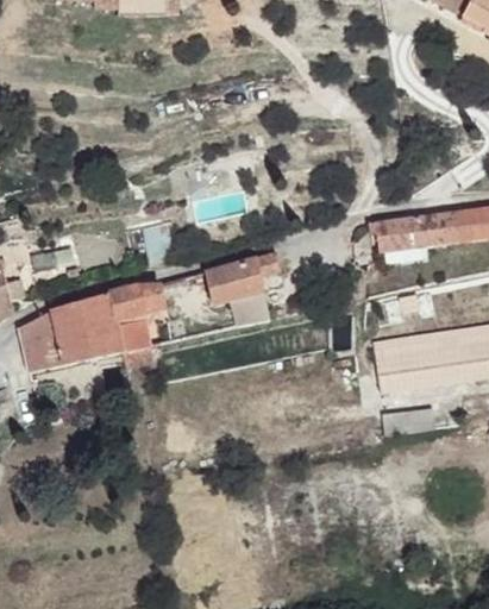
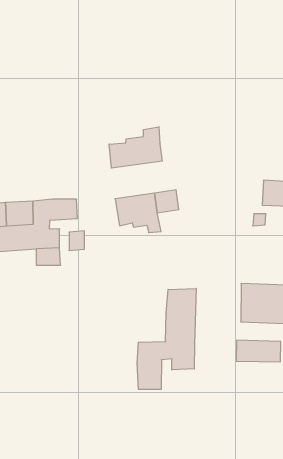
building: none -> [109,127,162,168]
building: none -> [137,288,196,389]

